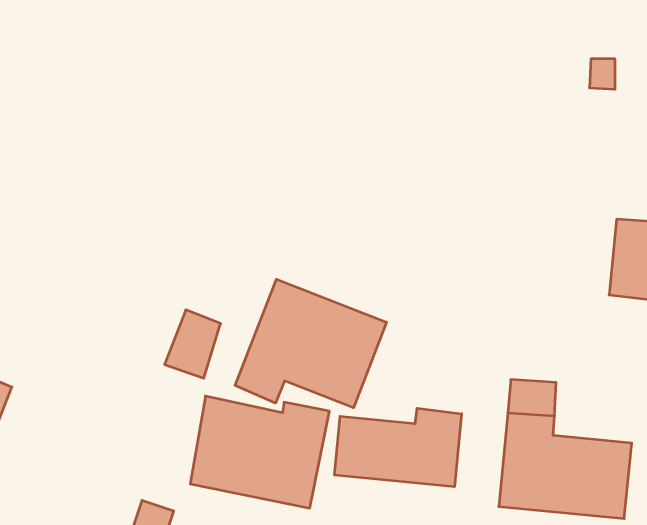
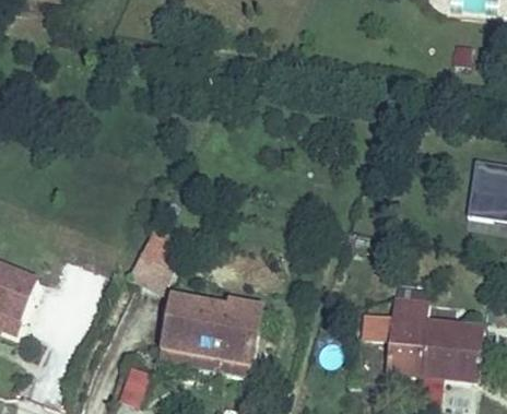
building: [235,279,386,408] -> none
building: [335,408,462,487] -> none

